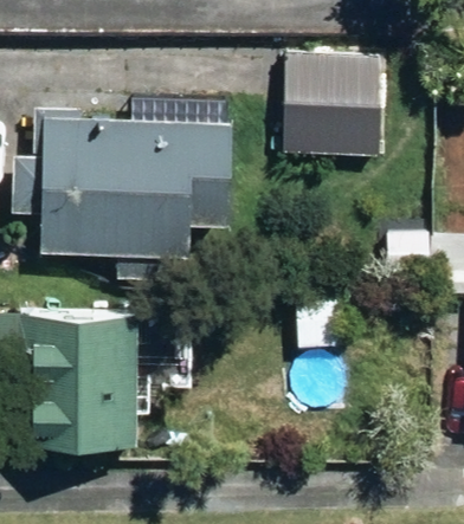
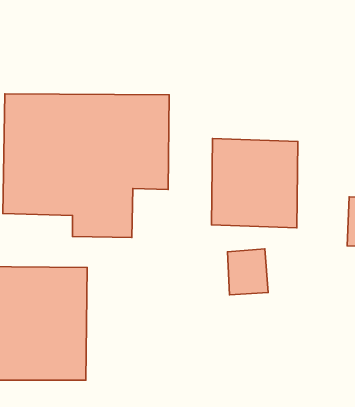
building: [286,52,385,154] -> [211,138,298,228]

